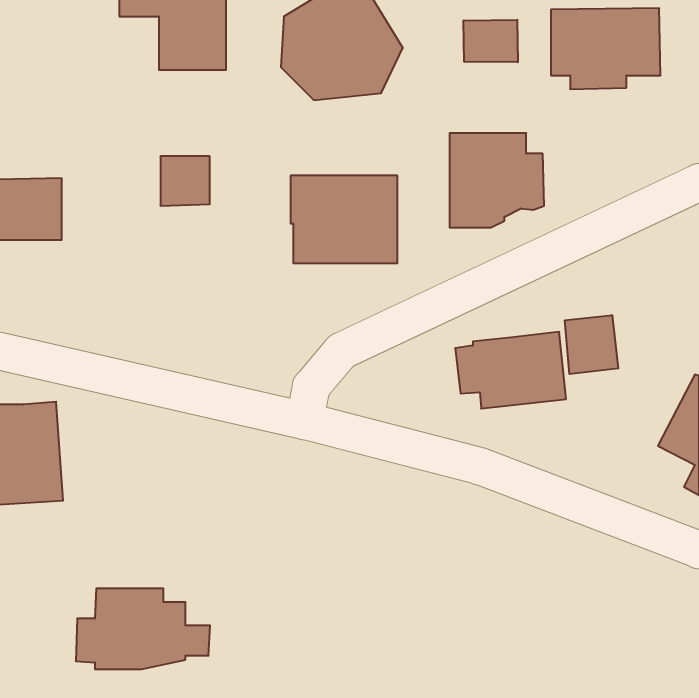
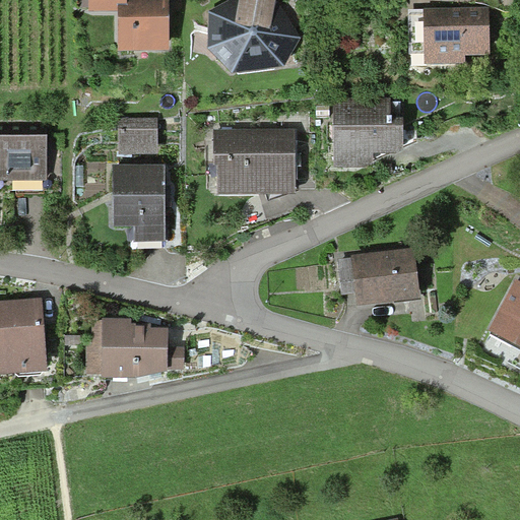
building: [464,20,518,62] -> none
building: none -> [113,162,167,239]
building: [565,315,618,374] -> none
building: [76,588,210,669] -> [86,319,186,379]

